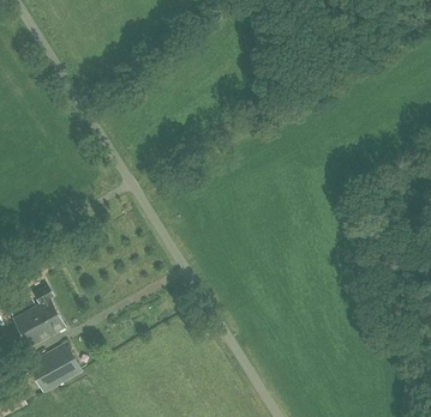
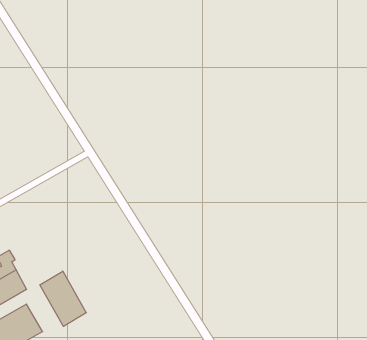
building: none -> [40,271,86,326]

